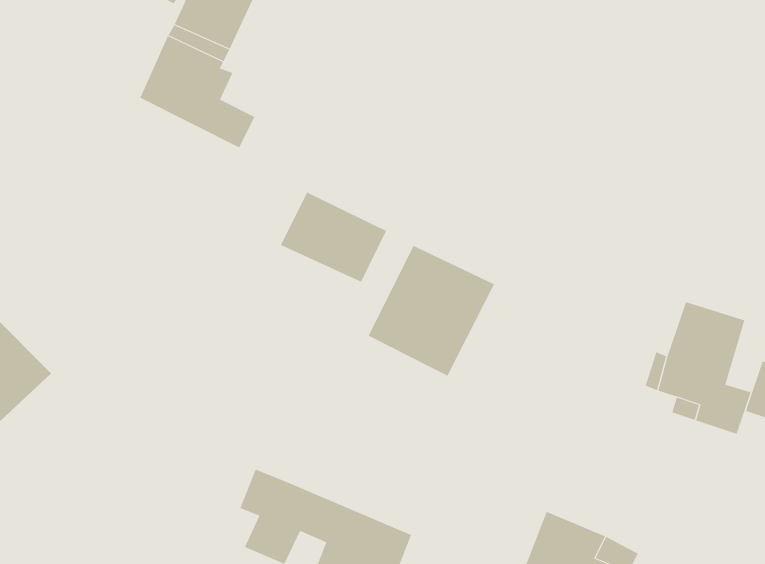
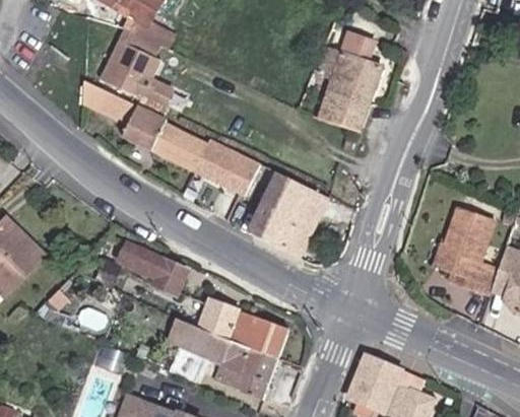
building: none -> [317,32,381,134]
building: none -> [82,76,209,172]
building: none -> [119,242,190,296]
building: none -> [196,297,287,360]

